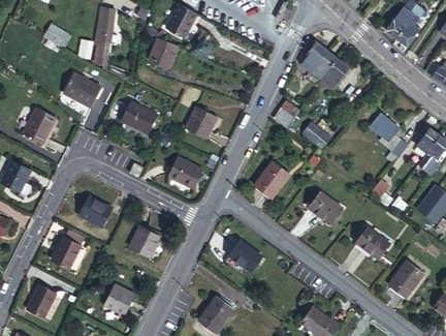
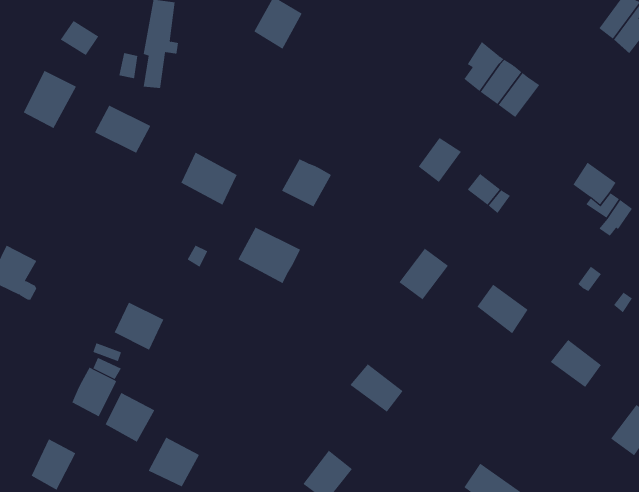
building: [149,39,178,69] -> none
building: [22,113,56,150] -> [23,70,77,129]
building: [127,230,159,262] -> [105,392,155,443]

